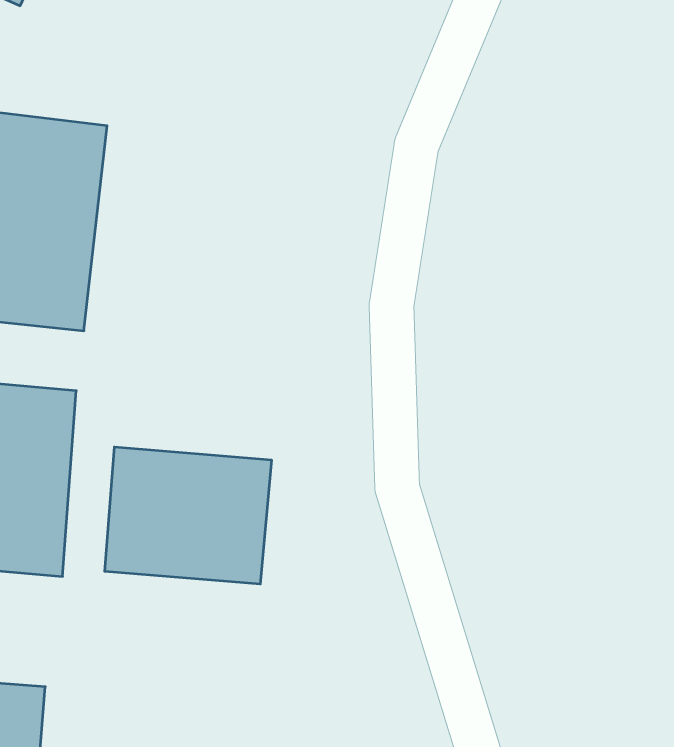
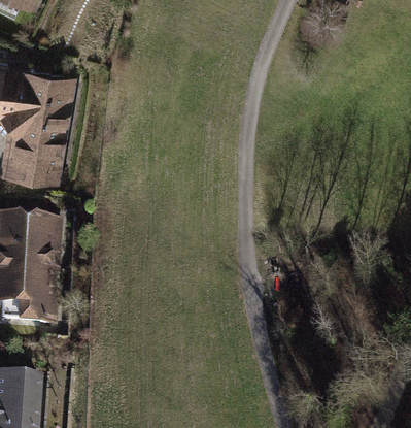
building: [105,447,271,584] -> none

